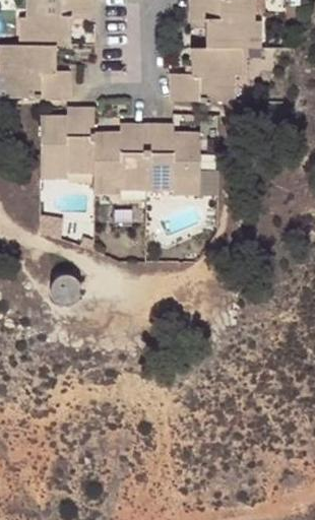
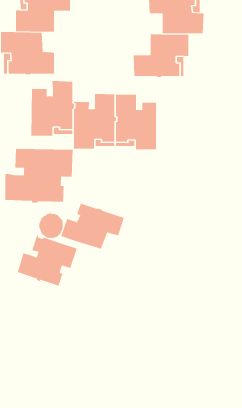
building: none -> [5,148,73,204]
building: none -> [61,203,125,249]
building: none -> [17,235,78,286]

